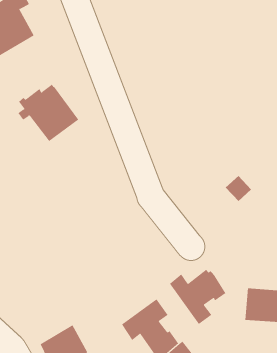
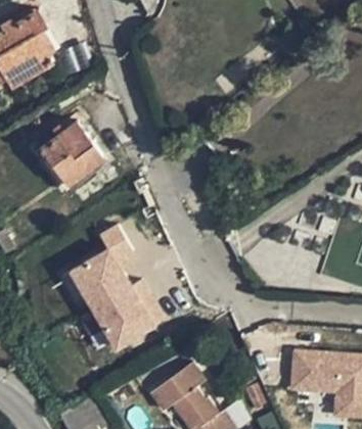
building: none -> [61,226,165,348]
building: [169,269,226,325] -> none

